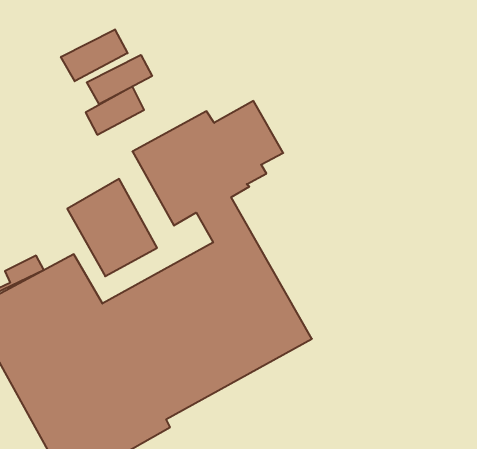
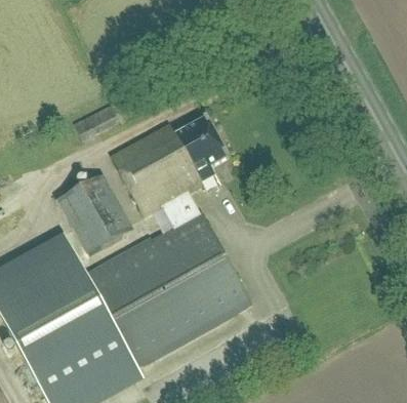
building: [61,29,128,81] -> none
building: [87,55,152,104] -> none

